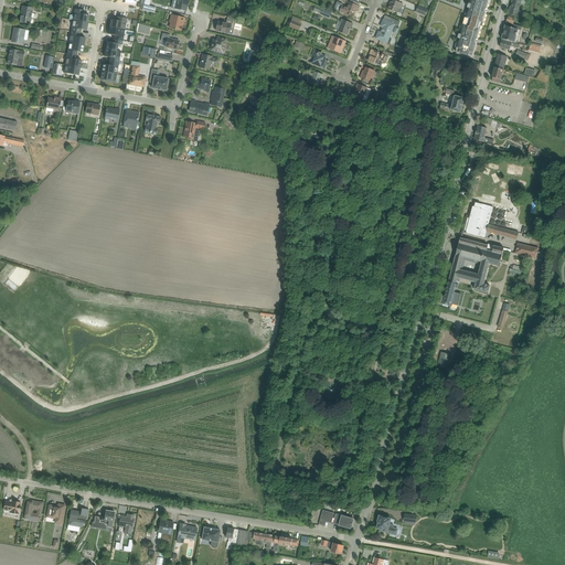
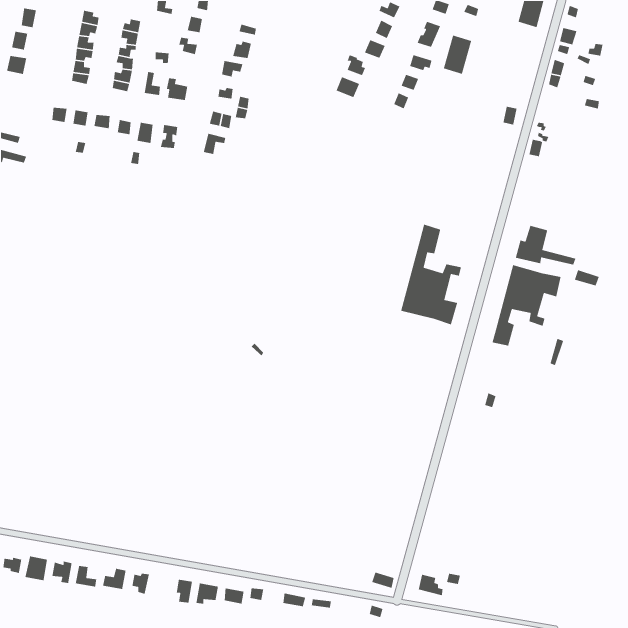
building: [456,20,482,56] -> [443,34,472,75]
building: none -> [400,224,462,326]

